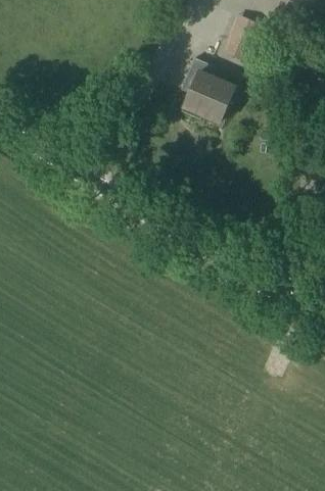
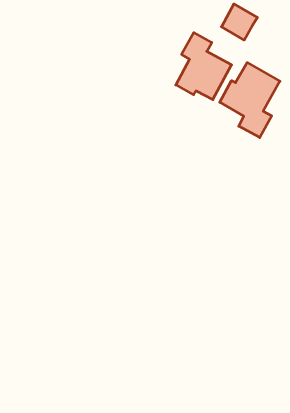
building: none -> [220,63,280,138]

